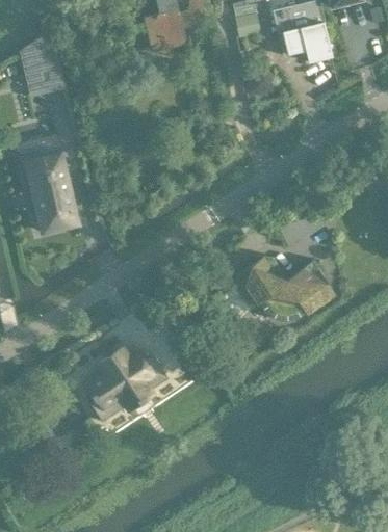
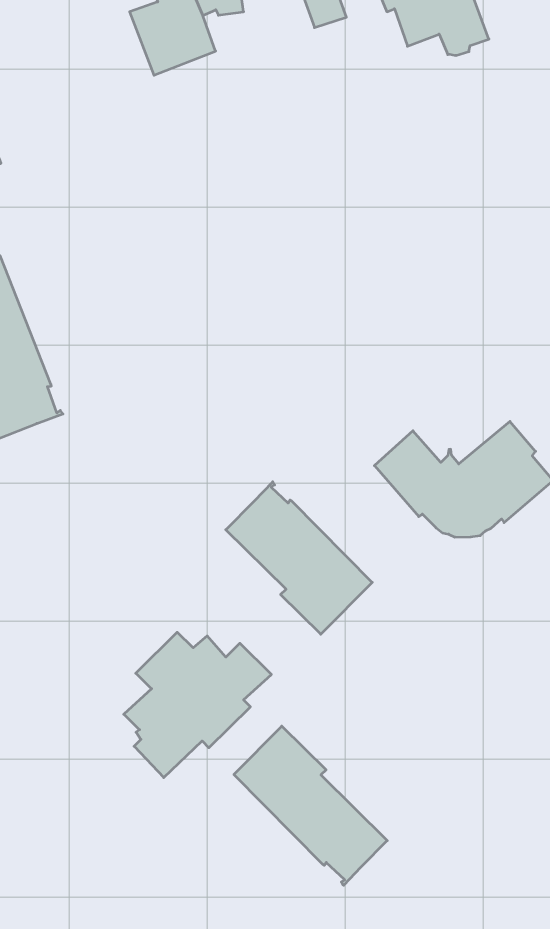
building: none -> [226,482,372,634]
building: none -> [234,726,387,885]

